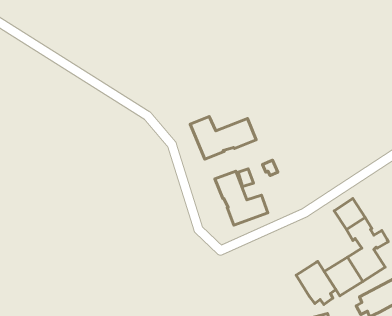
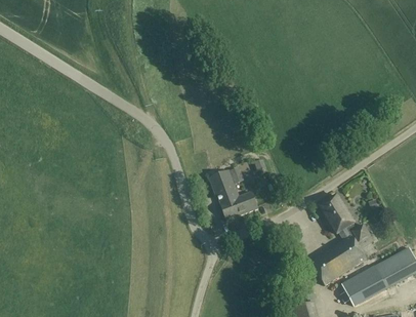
building: [190,117,256,159] -> none
building: [296,262,336,304] -> none

